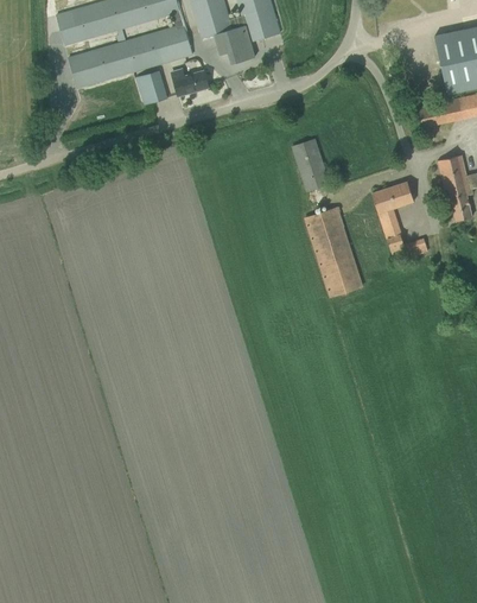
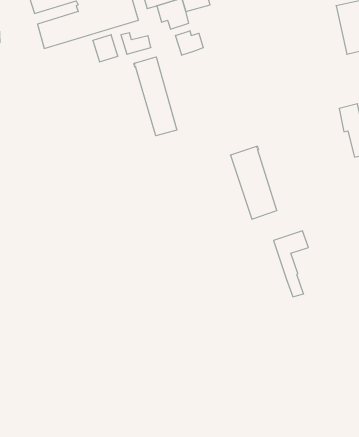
building: none -> [176,31,203,55]
building: none -> [134,57,177,136]
building: [292,138,330,190] -> none
building: [371,180,414,261] -> [274,231,308,297]

